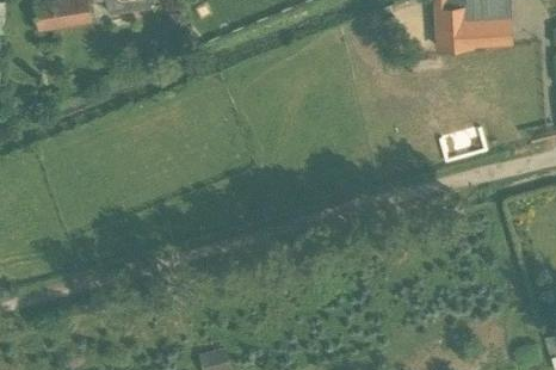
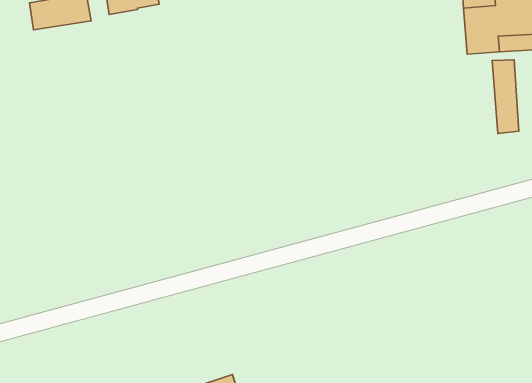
building: none -> [492,60,519,133]

